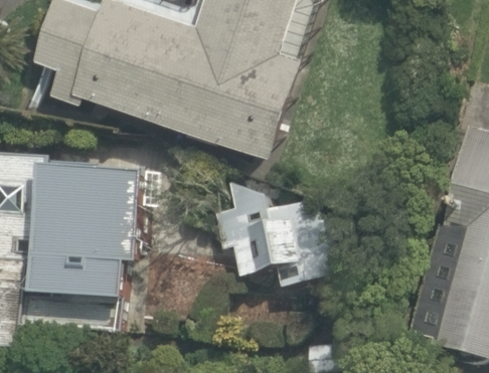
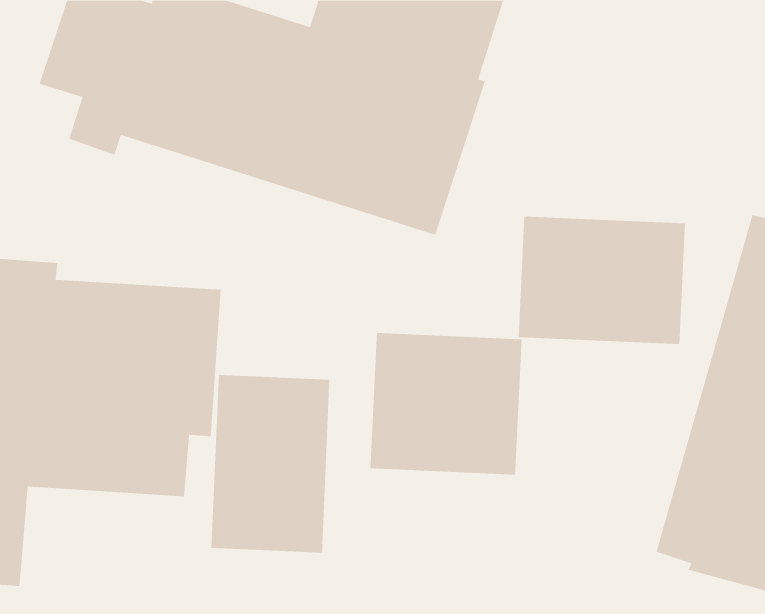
building: none -> [518,216,686,345]
building: none -> [211,374,330,554]

